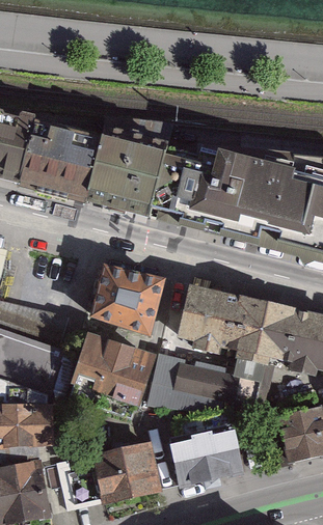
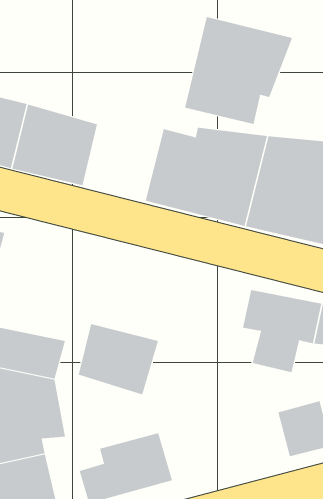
building: none -> [185,16,293,125]
building: [82,115,165,215] -> none
building: [84,268,172,337] -> none
building: [173,286,245,343] -> none
building: [151,352,286,411] -> none
building: [167,422,251,486] -> none

